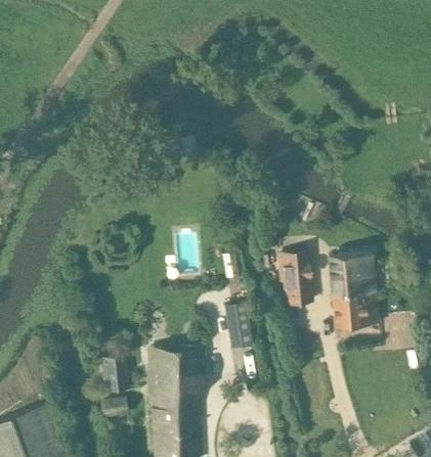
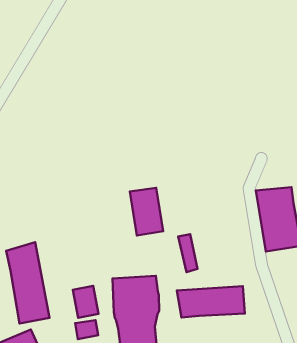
building: [275,253,312,308] -> [130,188,163,236]
building: none -> [6,242,49,324]
building: none -> [177,286,245,317]

